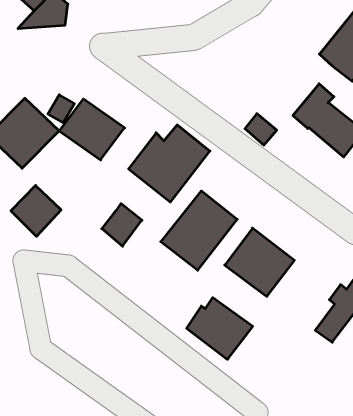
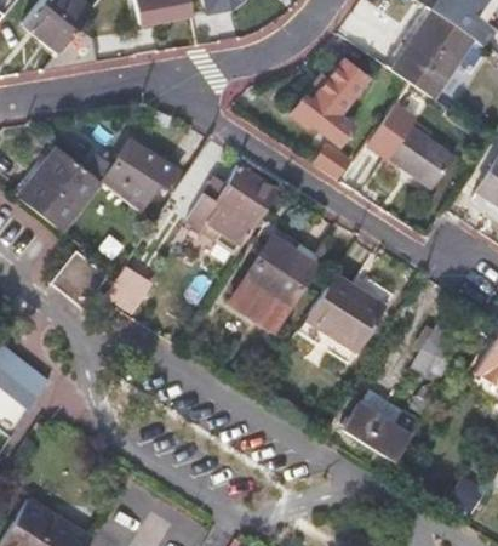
building: none -> [292,58,360,137]
building: [102,204,142,246] -> [107,266,151,314]
building: [187,298,253,359] -> [344,393,419,462]

